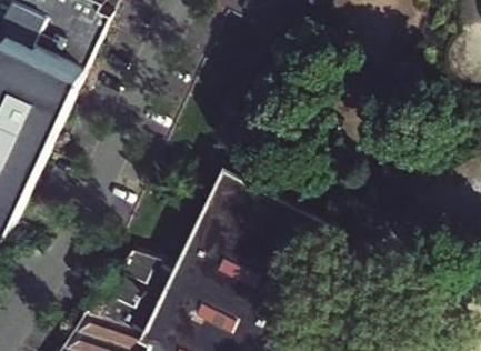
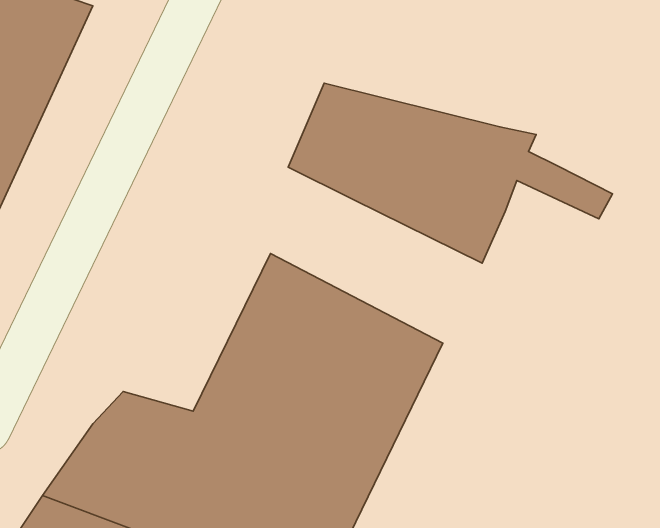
building: none -> [288,83,613,263]

